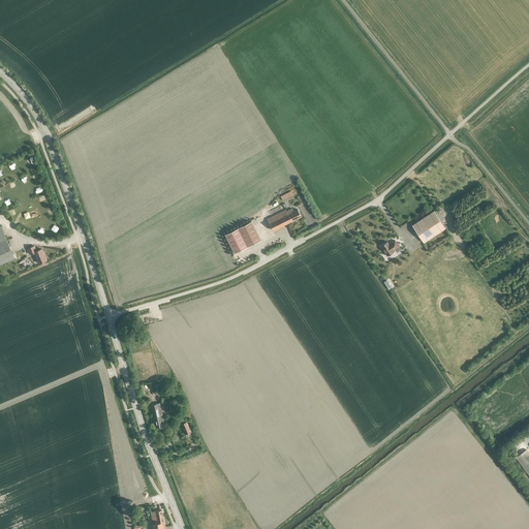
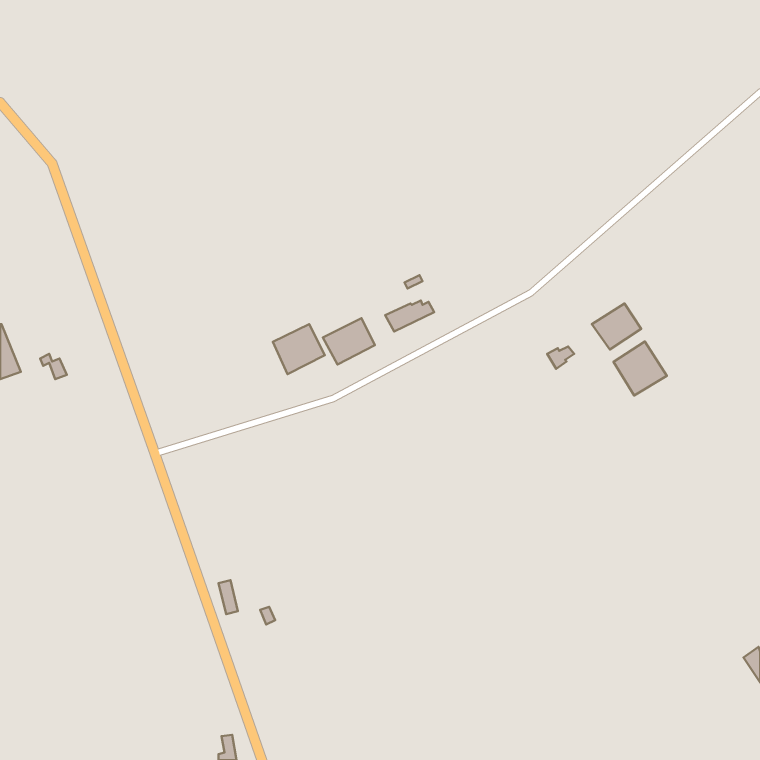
building: none -> [273,324,325,374]
building: none -> [613,342,667,395]

